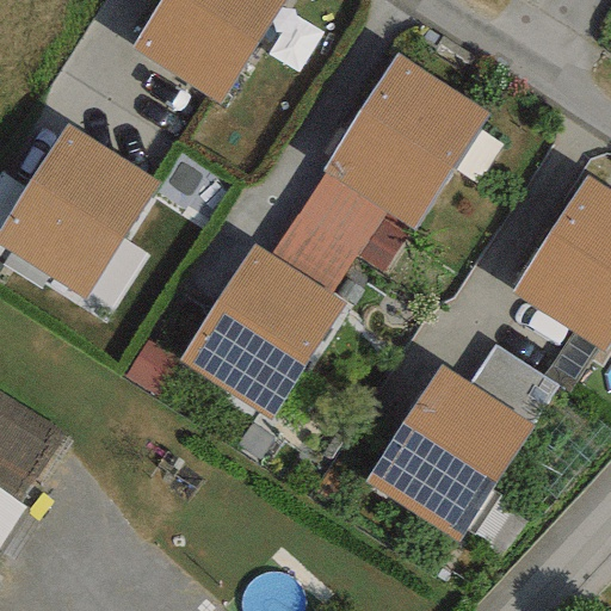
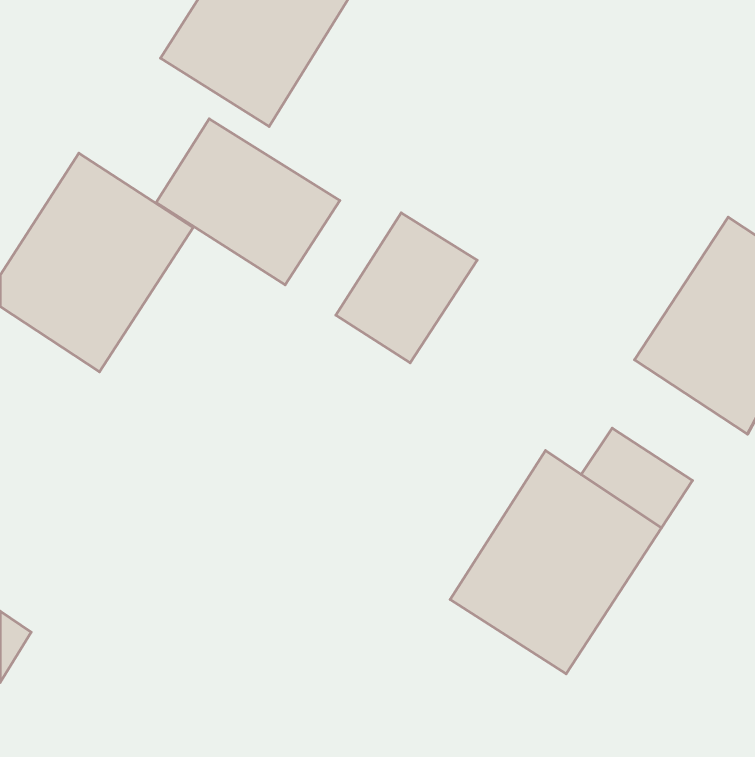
building: [323,53,490,227] -> none
building: none -> [156,119,340,285]
building: [180,242,346,418] -> none

